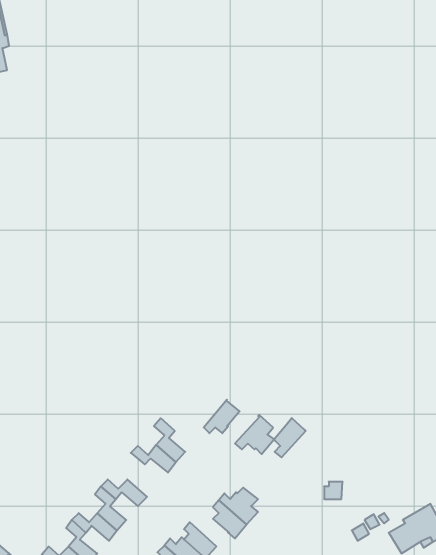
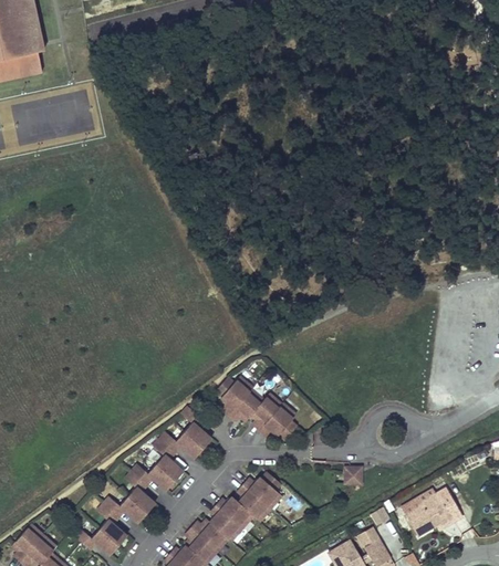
building: none -> [216,376,252,415]
building: [273,418,306,457] -> [251,392,282,430]
building: none -> [153,439,183,481]
building: none -> [216,496,253,528]

